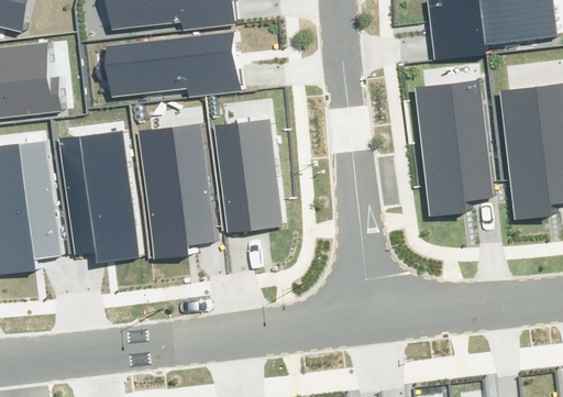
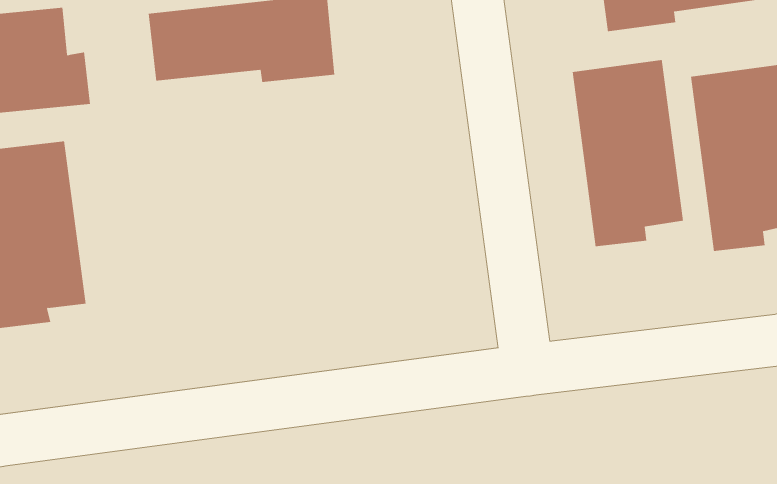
building: [219,121,283,230] -> none
building: [137,125,217,260] -> none
building: [59,129,141,261] -> none

